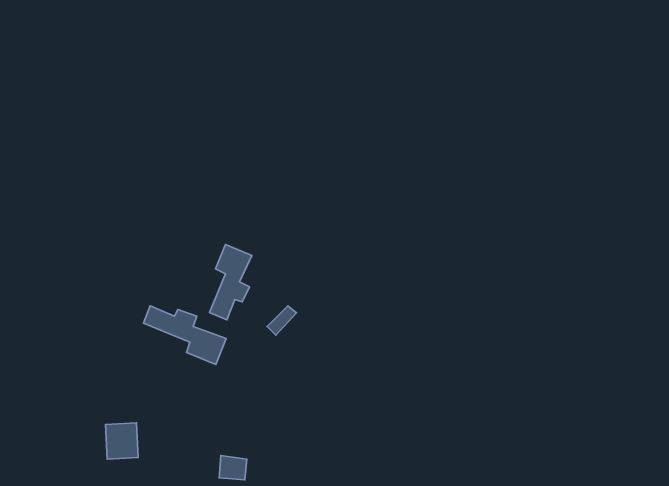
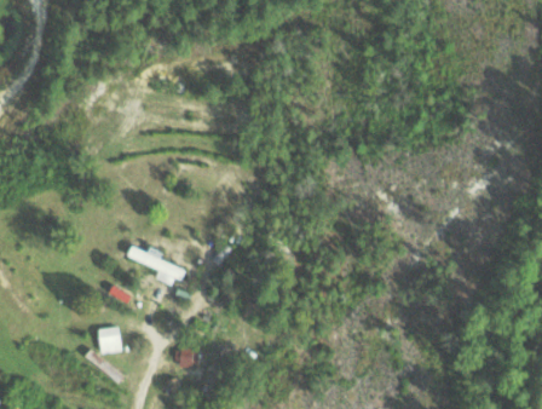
building: [209,245,252,320] -> none

